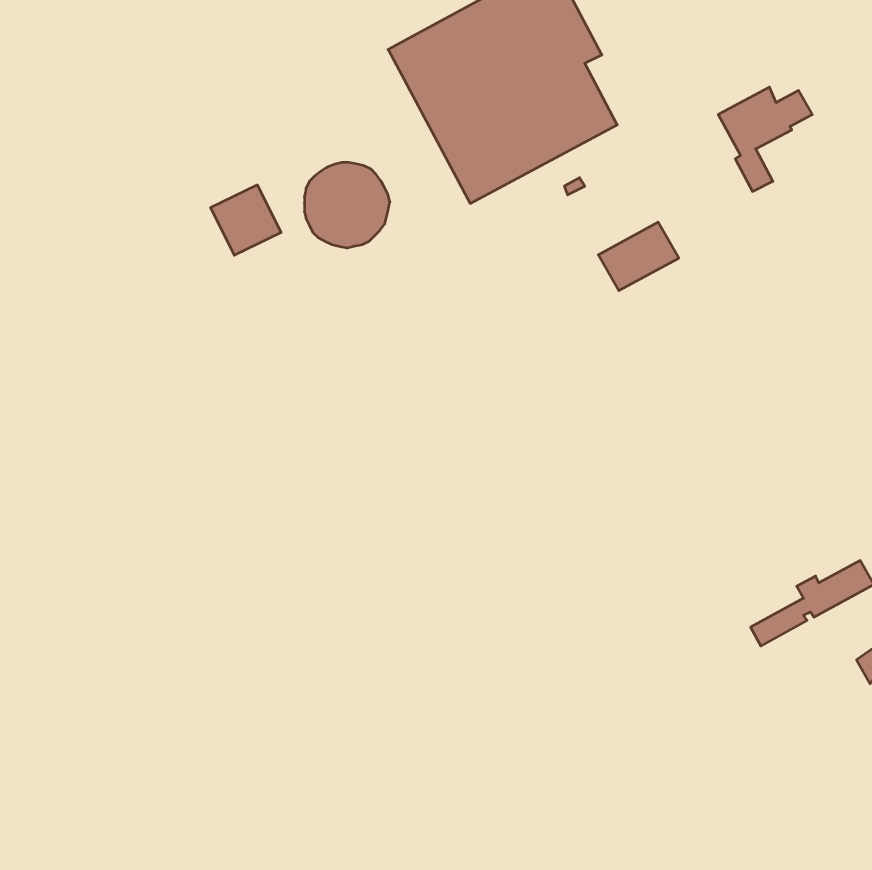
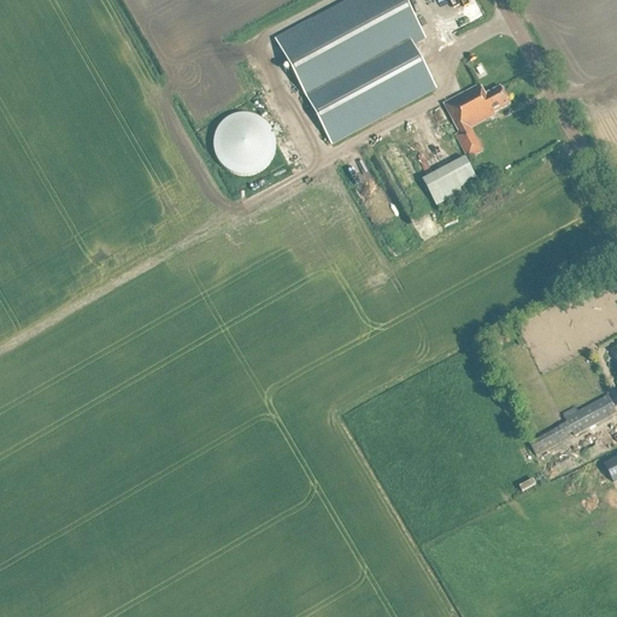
building: [718,87,812,191] -> [445,84,511,158]
building: [211,185,281,255] -> none

